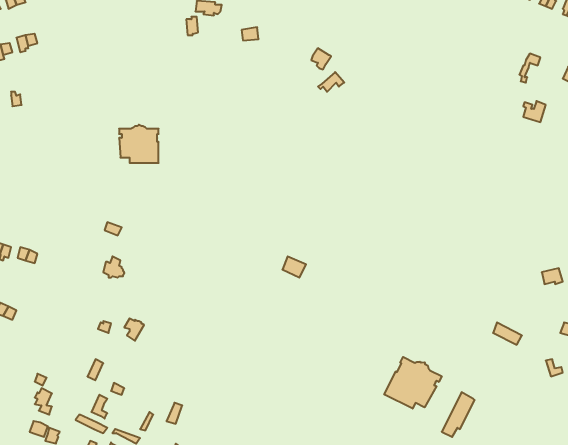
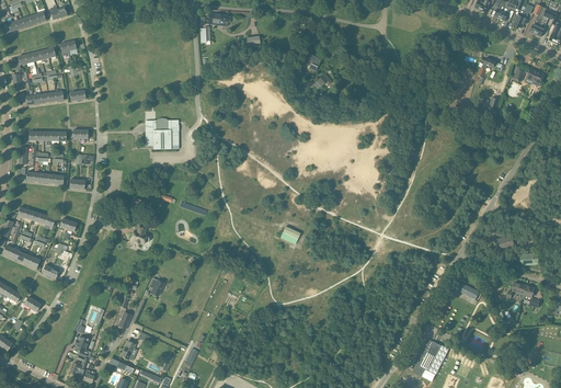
building: [384,357,442,409] -> none

